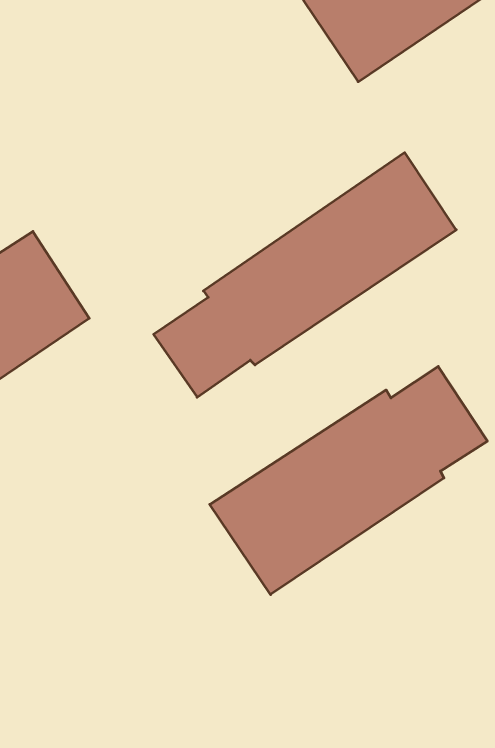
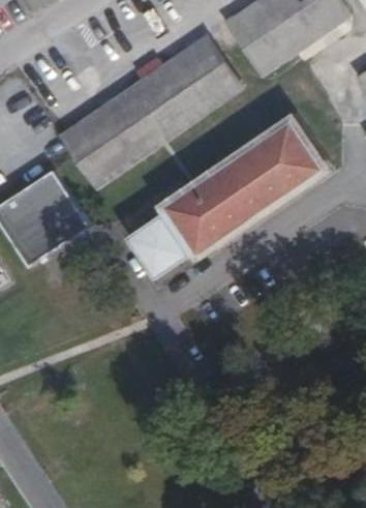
building: none -> [60,34,242,185]
building: [210,366,487,595] -> none

